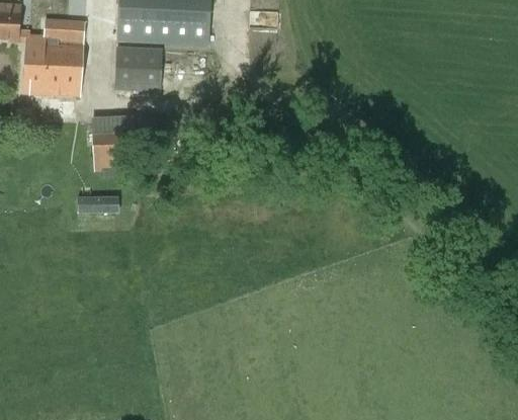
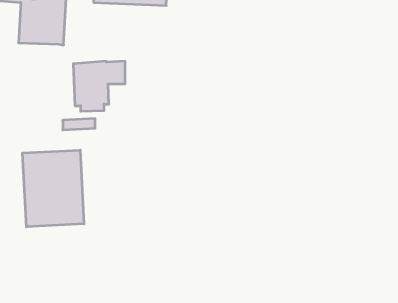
building: [115,47,162,92] -> none
building: none -> [23,150,84,227]

